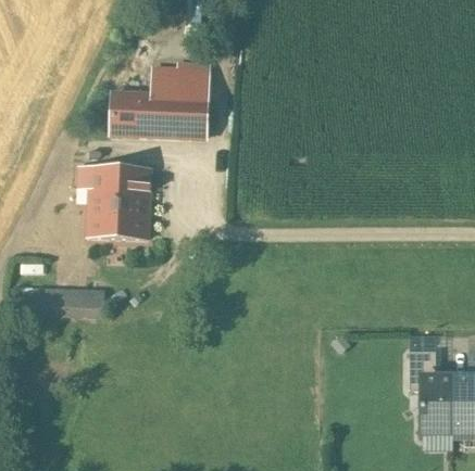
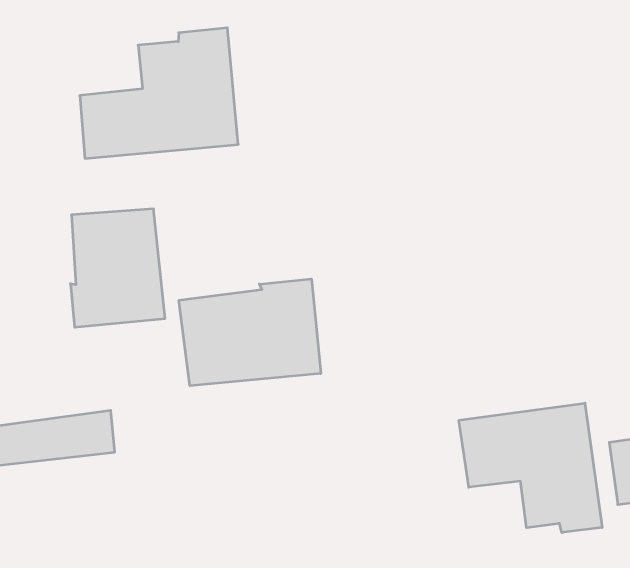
building: none -> [179,279,321,386]
building: none -> [459,403,602,533]

